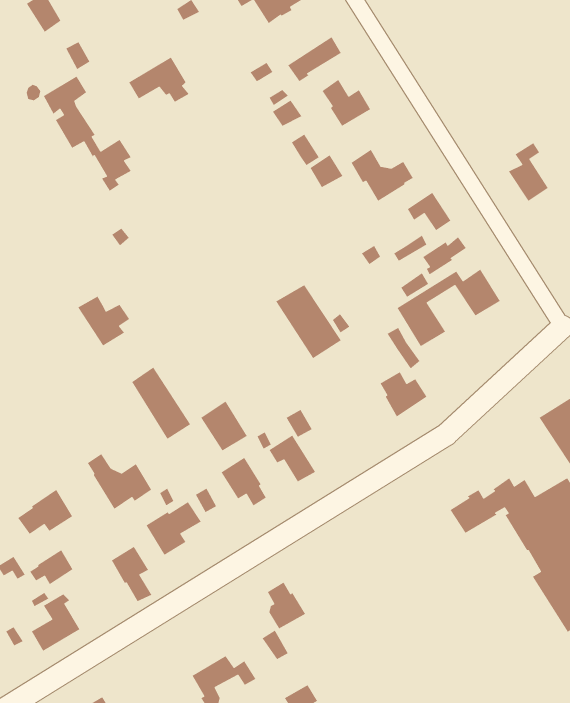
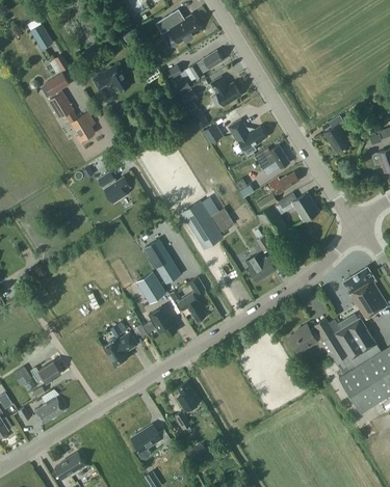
building: [77,295,130,347] -> [98,172,130,204]
building: [131,366,191,440] -> [145,239,181,283]
building: [87,453,152,510] -> none
building: [17,489,73,535] -> none
building: [111,546,152,602] -> none

